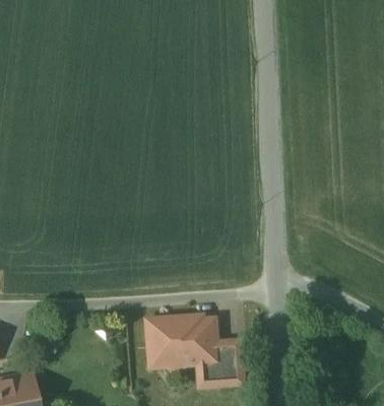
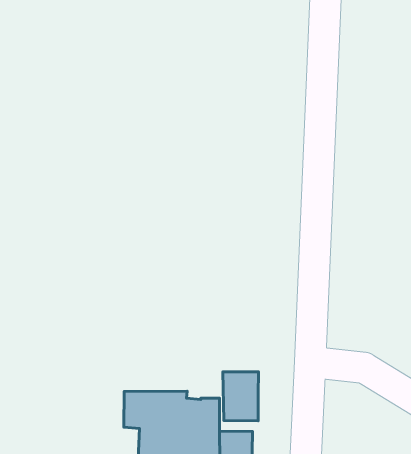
building: none -> [223,372,259,421]

